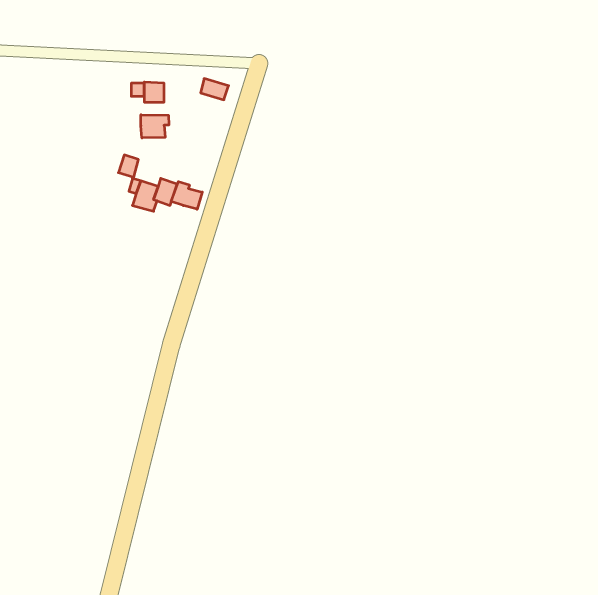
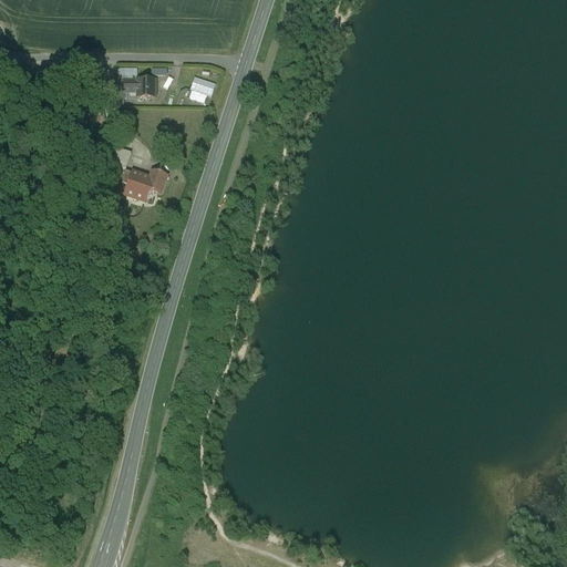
building: [141,115,169,138] -> none
building: [171,182,202,209] -> none

